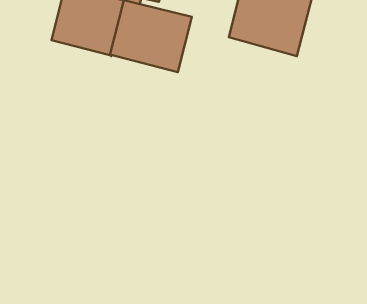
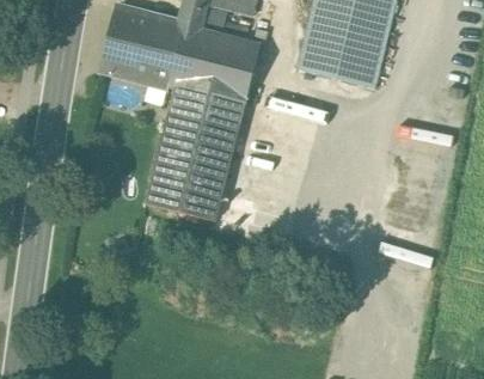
building: none -> [143,87,243,221]

